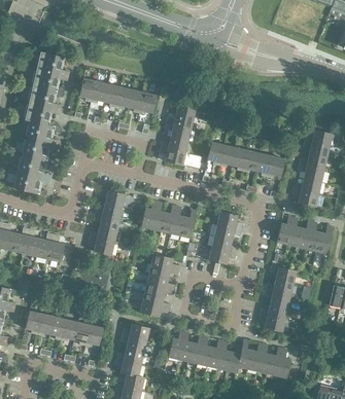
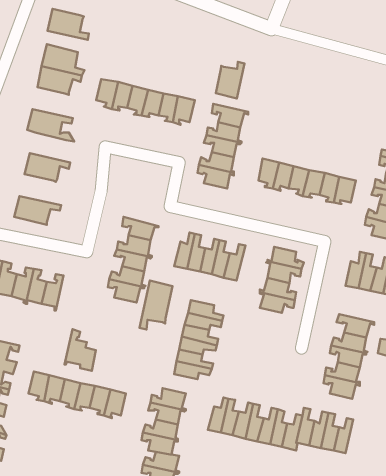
building: none -> [216,62,245,98]
building: [28,84,61,109] -> [47,9,89,40]
building: [26,120,59,144] -> none
building: [18,153,51,178] -> none
building: [46,233,71,266] -> [65,329,96,371]
building: none -> [139,280,172,330]
building: [276,348,298,382] -> none

